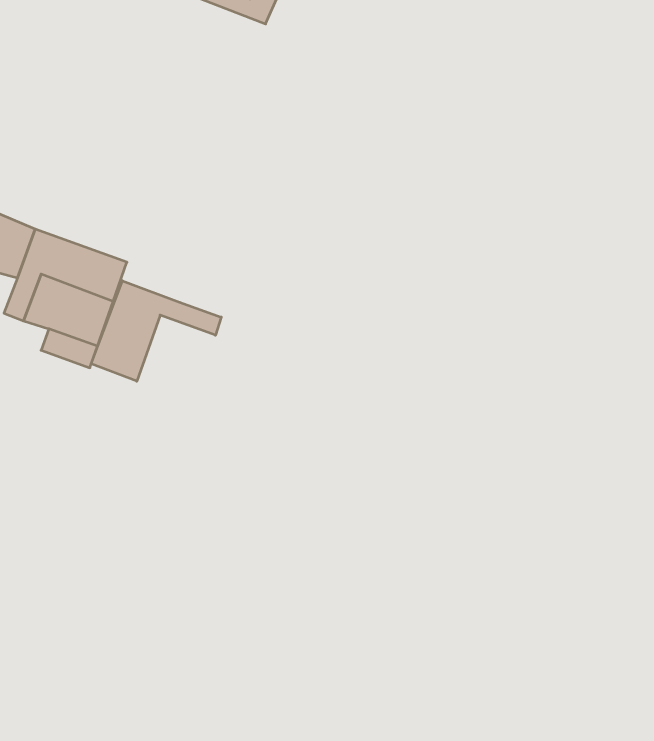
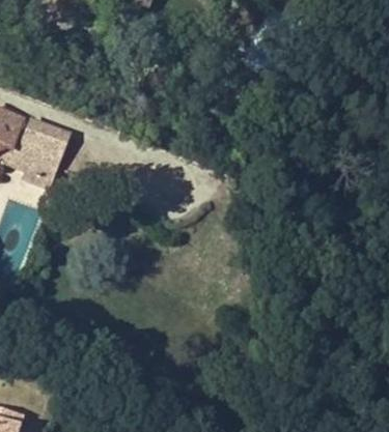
building: [91,281,221,381] -> none

